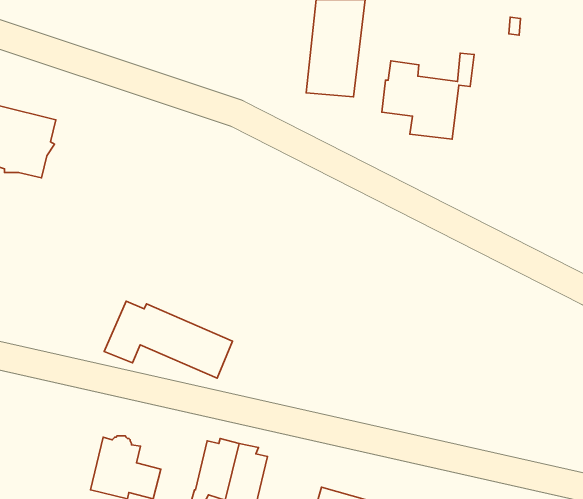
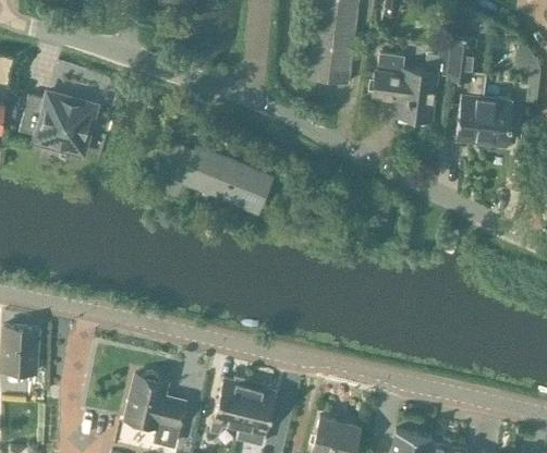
building: none -> [447,38,513,149]
building: [104,301,233,378] -> [161,148,270,213]

